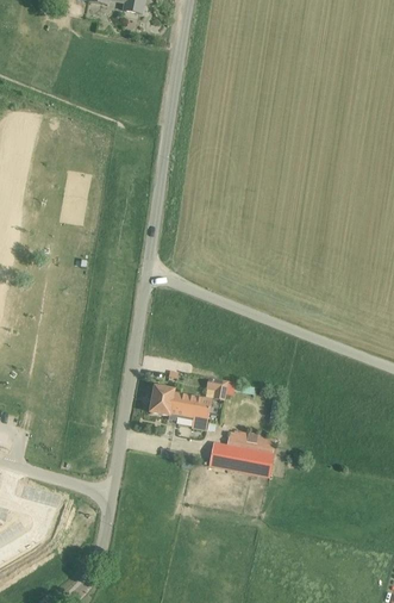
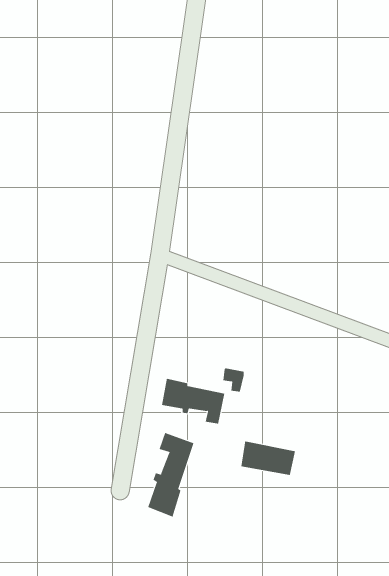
building: none -> [147,432,194,517]

